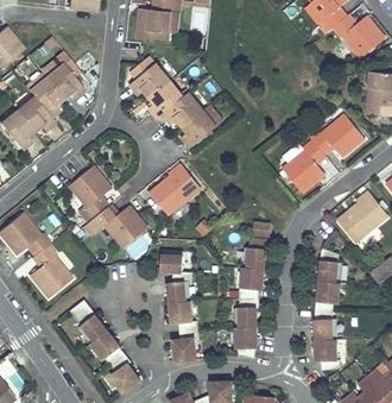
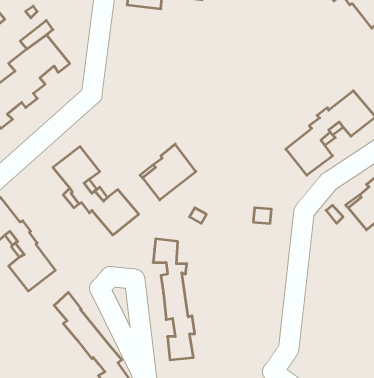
building: [129,56,215,147] -> none
building: [235,239,266,359] -> none
building: [314,248,342,370] -> none

